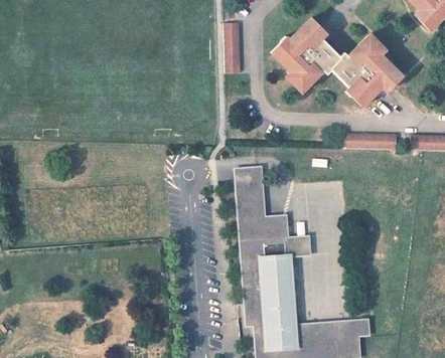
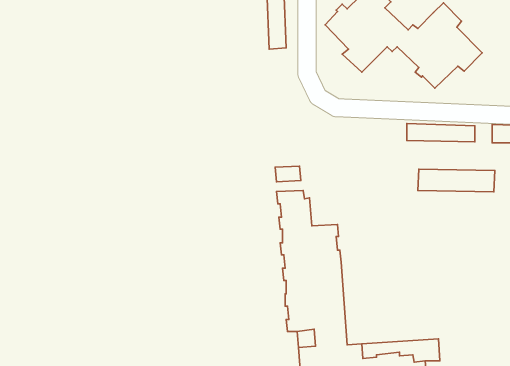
building: none -> [418,169,495,192]
building: [281,226,307,249] -> none

